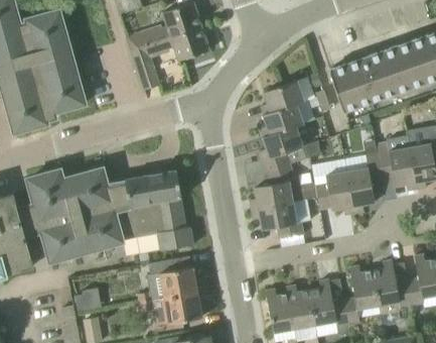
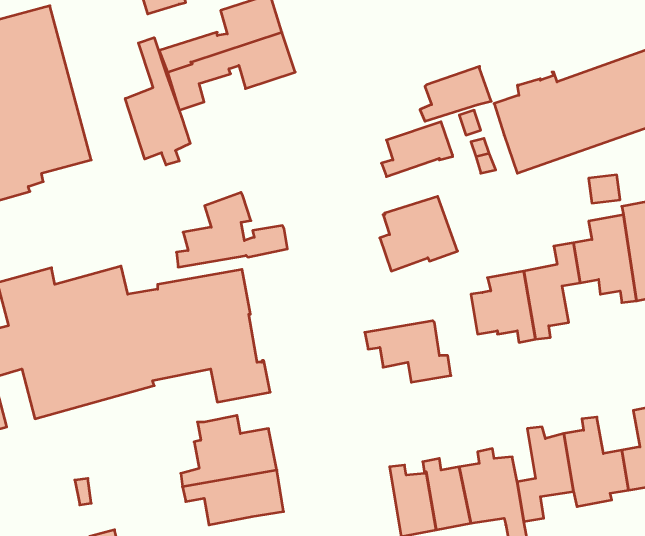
building: none -> [125,38,190,165]
building: [260,102,303,135] -> [420,66,491,121]
building: [250,162,317,208] -> [176,192,287,267]

